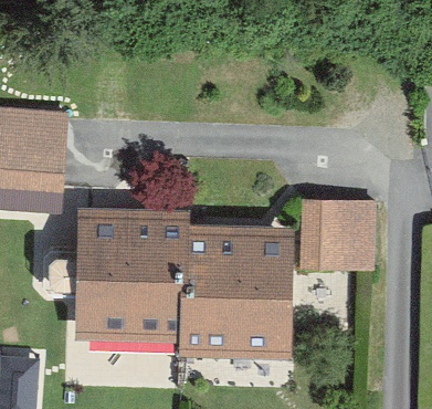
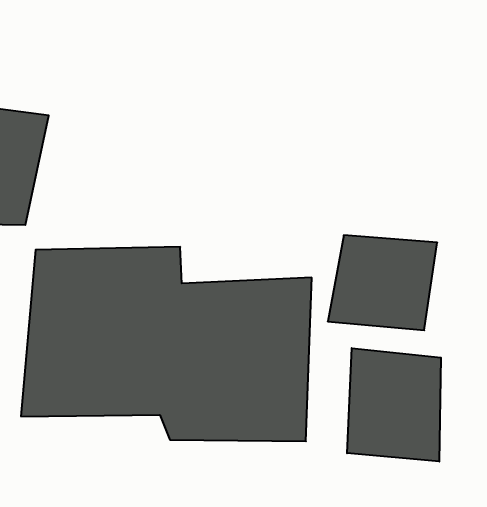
building: none -> [347,348,441,462]

